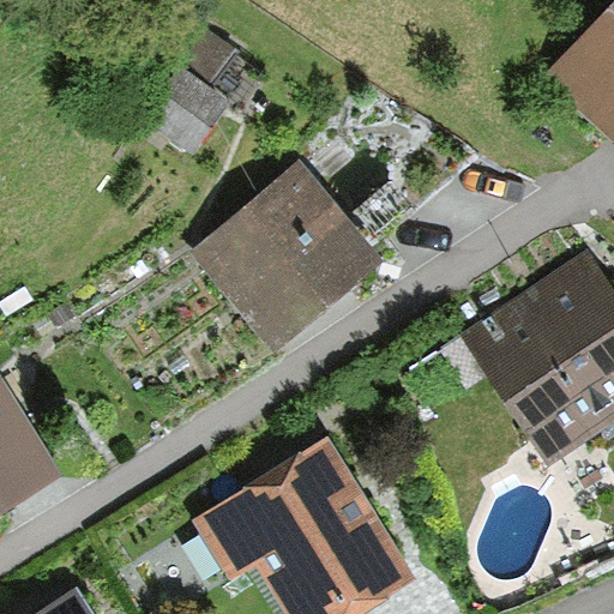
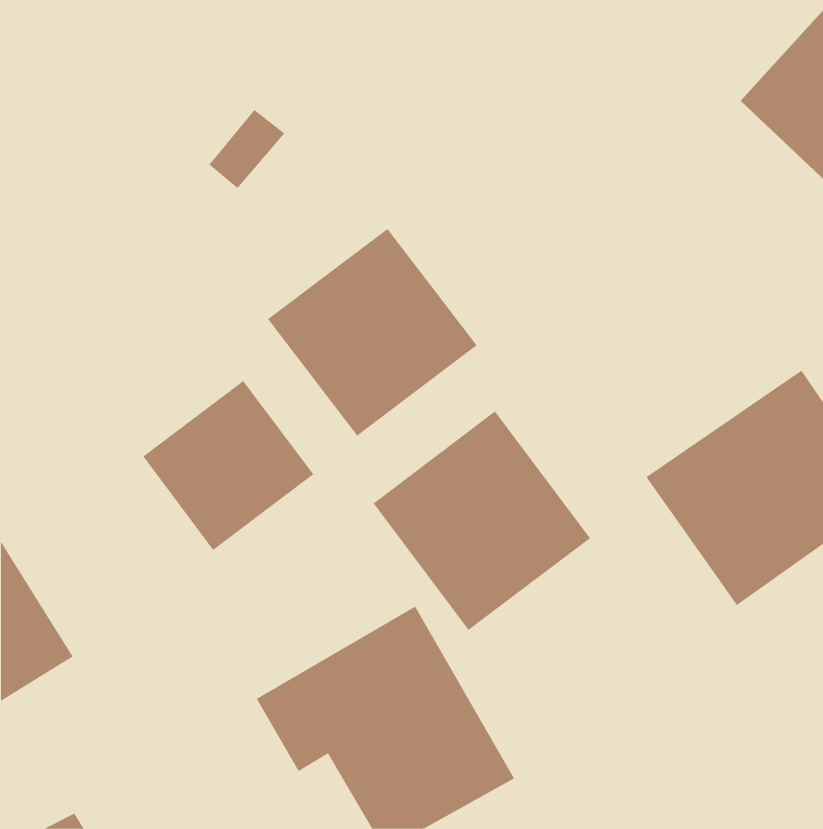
building: none -> [142,380,314,551]
building: none -> [373,411,591,631]

